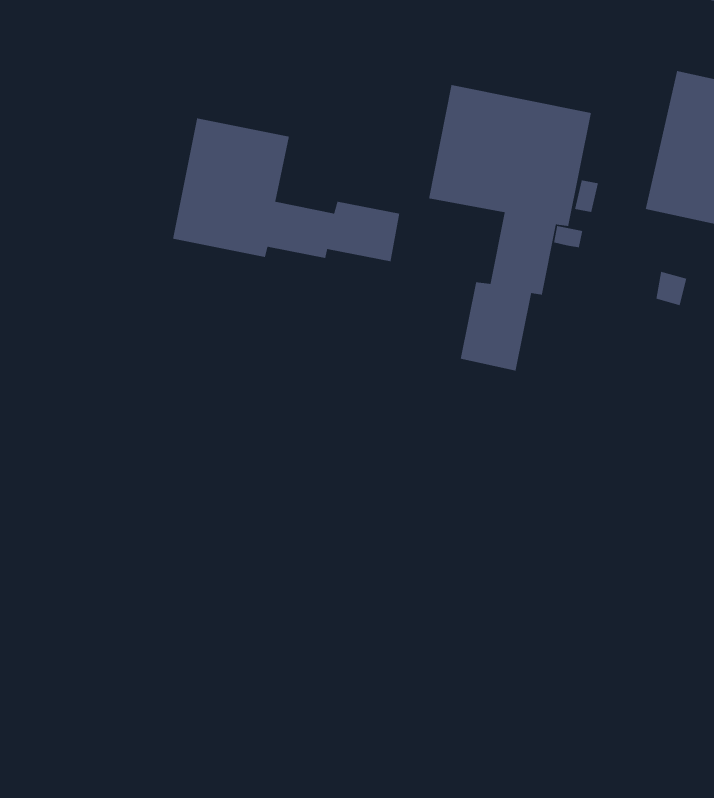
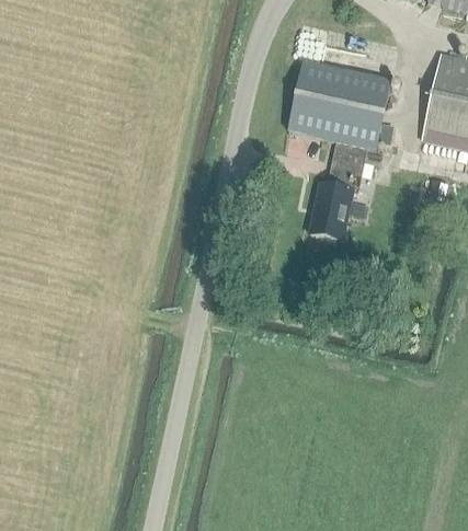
building: [172,118,400,262] -> none

